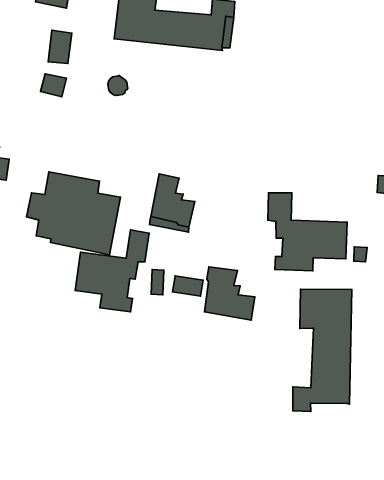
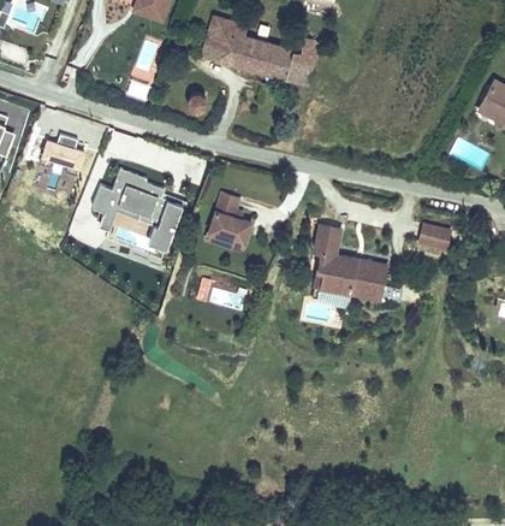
building: [75,230,149,312] -> none
building: [204,267,255,320] -> none
building: [293,289,352,412] -> none

